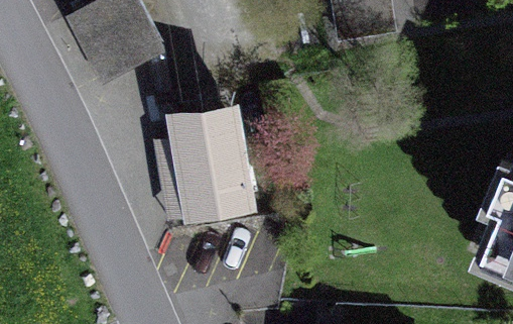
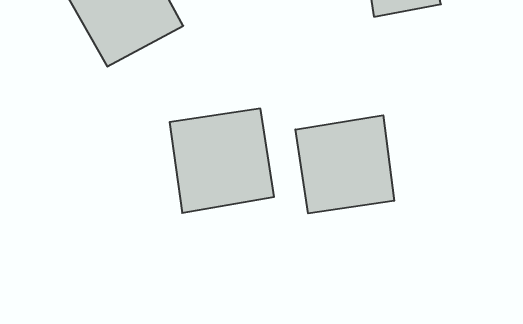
building: none -> [295,115,394,213]

